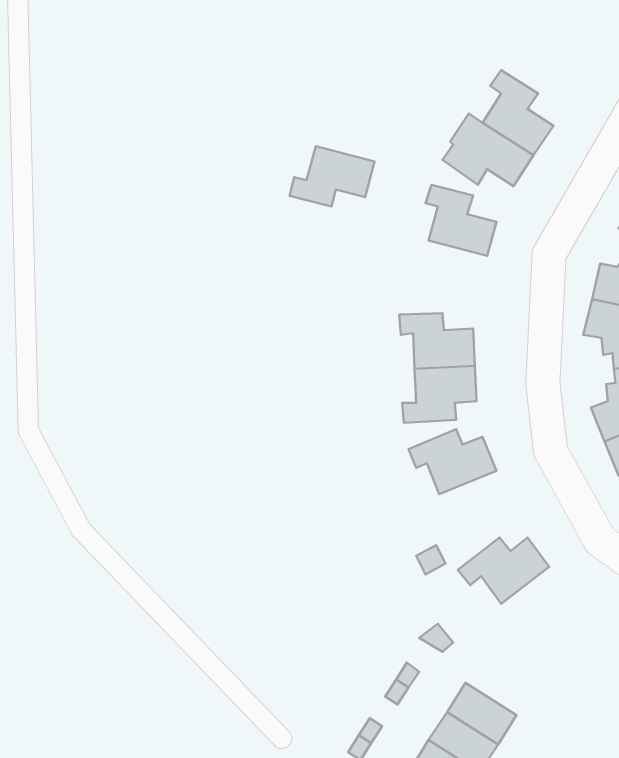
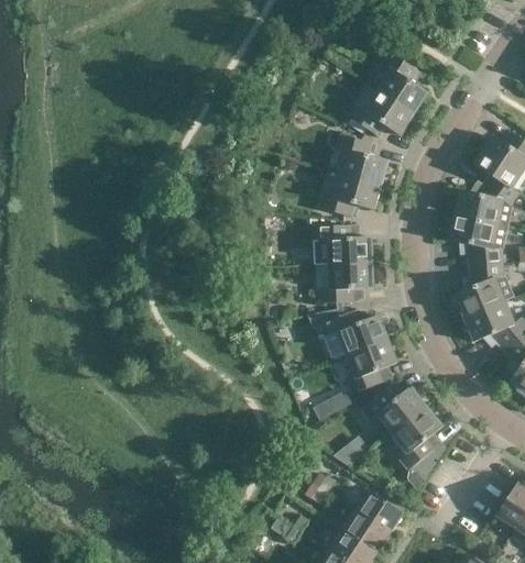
building: [290,146,375,207] -> [320,175,381,218]
building: none -> [347,339,396,395]
building: none -> [391,407,442,482]

